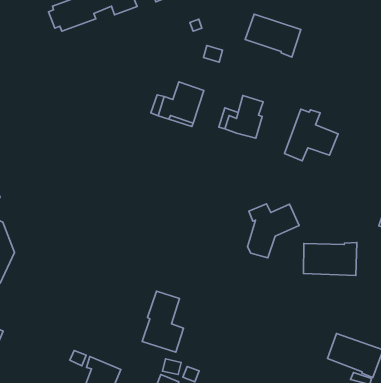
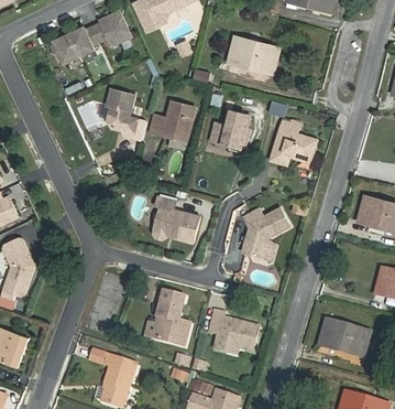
building: none -> [106,88,138,138]
building: none -> [152,196,198,243]
building: [304,243,357,275] -> none
building: none -> [209,310,259,351]

